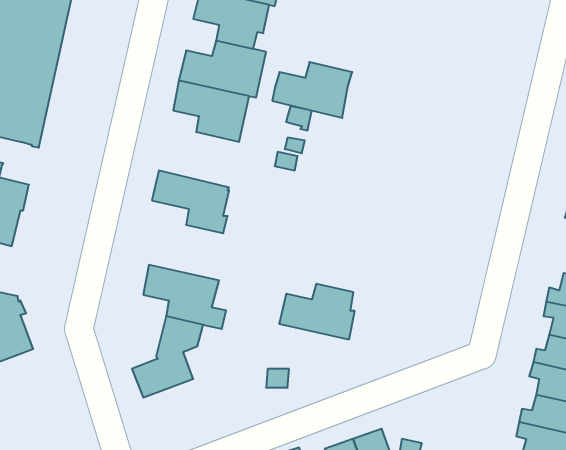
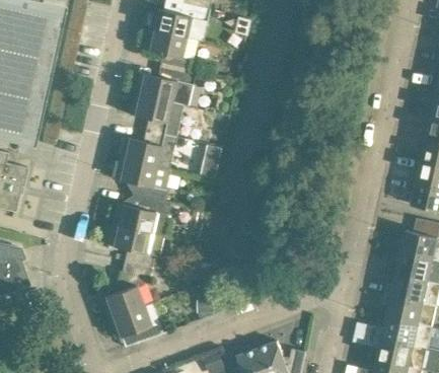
building: [272,62,352,118] -> [120,131,176,170]
building: [279,284,355,339] -> [113,197,166,236]
building: none -> [108,303,163,348]

